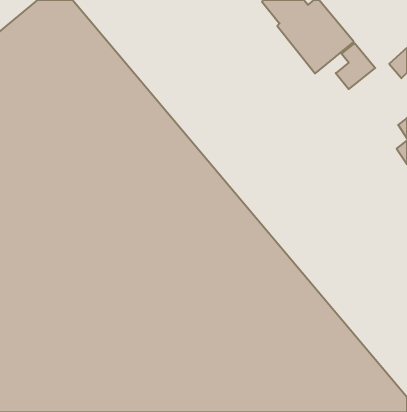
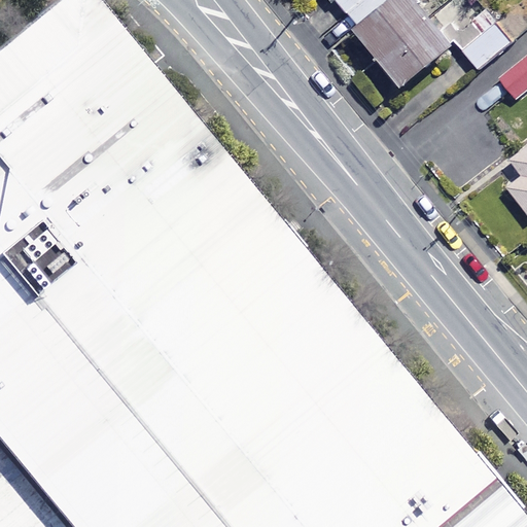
building: [336,43,375,89] -> [459,12,510,71]

